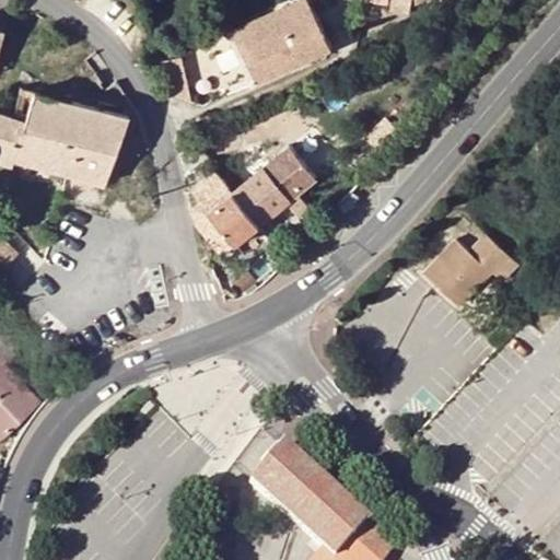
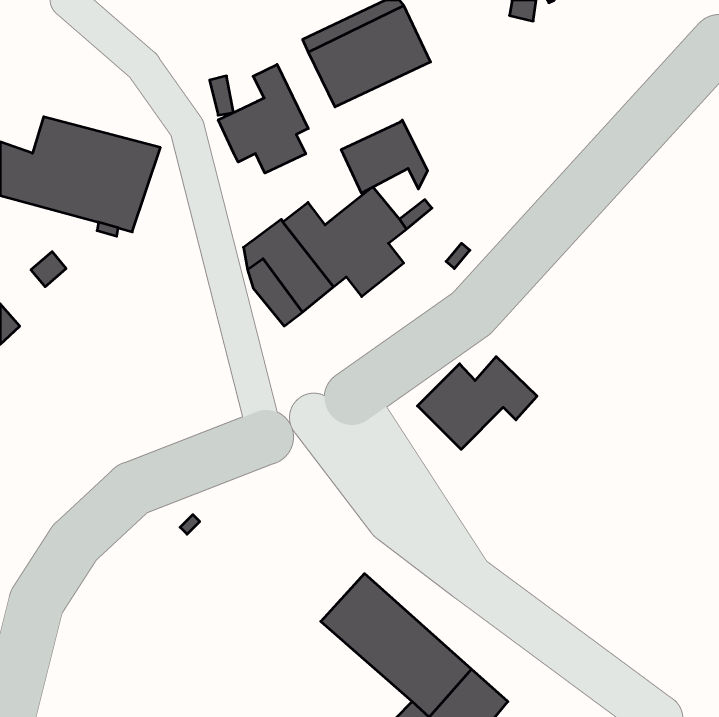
building: none -> [218,64,308,173]
building: none -> [341,120,428,193]
building: [424,235,517,307] -> [417,357,537,449]

